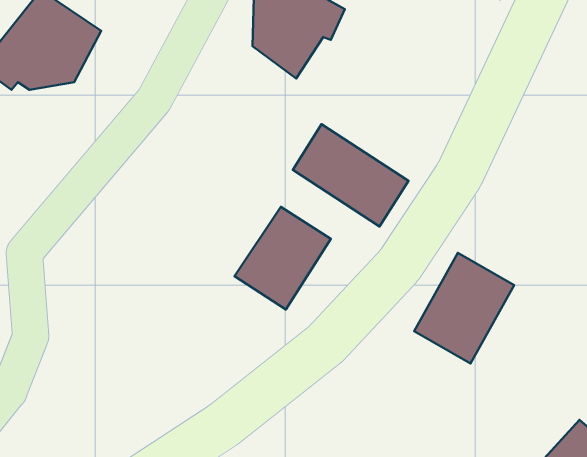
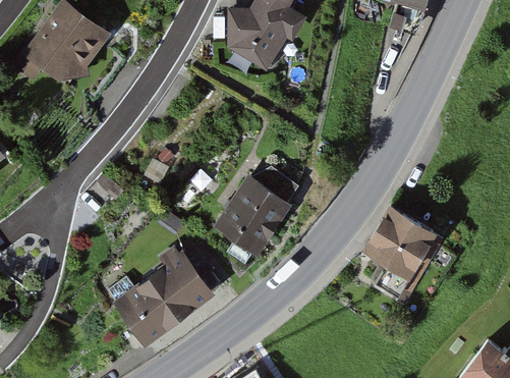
building: [293,124,408,226] -> none
building: none -> [113,245,215,344]

